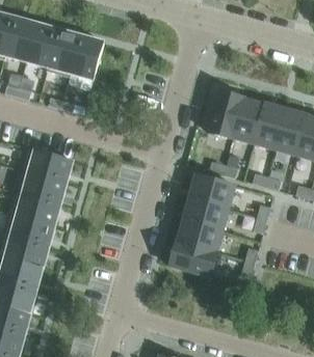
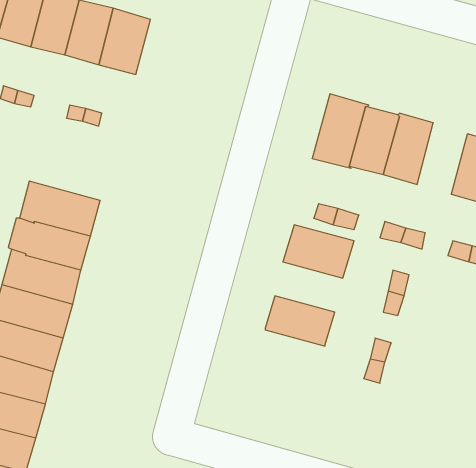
building: [276,109,309,155] -> none
building: [184,198,228,230] -> none
building: [169,241,217,276] -> none

